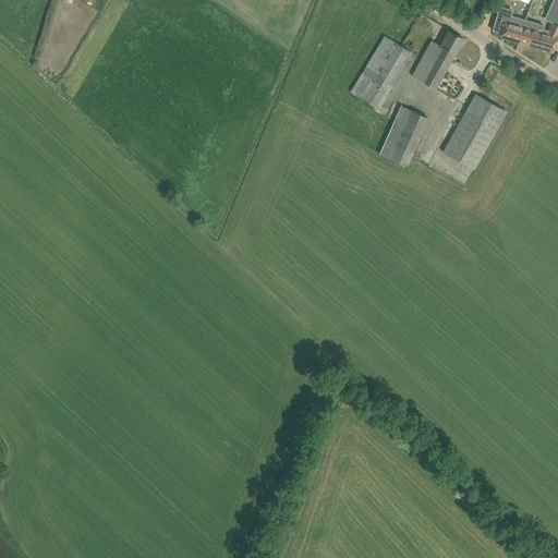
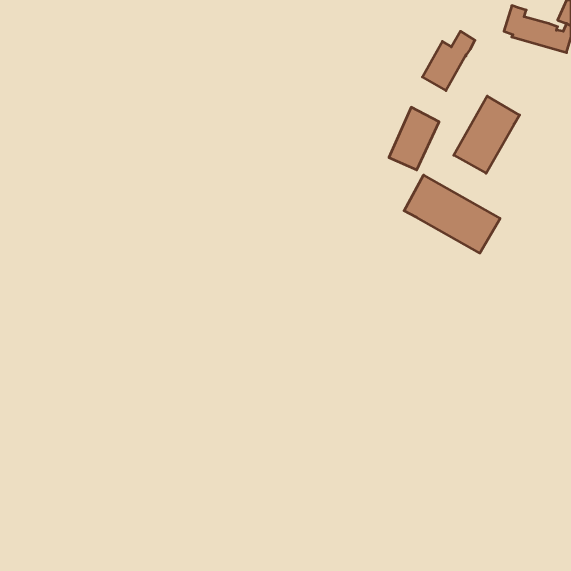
building: [350,35,412,108] -> none
building: none -> [404,175,500,253]

